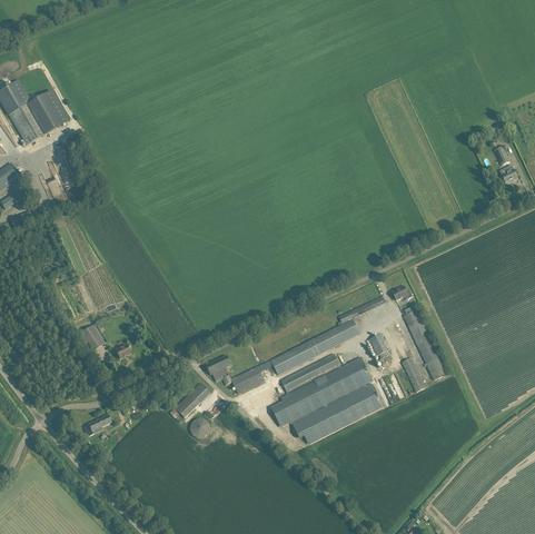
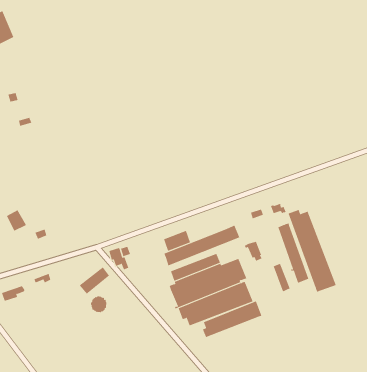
building: none -> [288,209,337,292]
building: [230,366,264,394] -> [163,230,191,252]
building: none -> [202,300,262,338]

